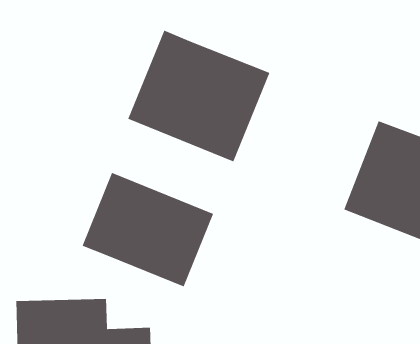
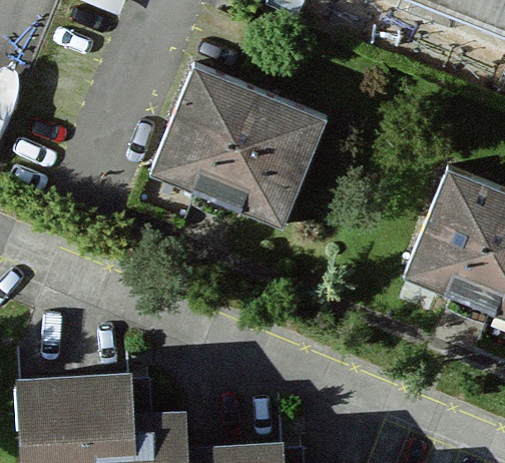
building: [81,172,214,288] -> none

